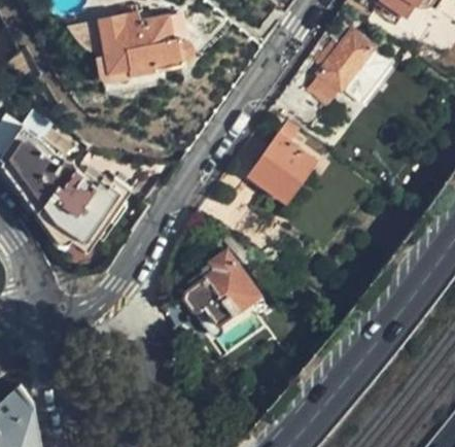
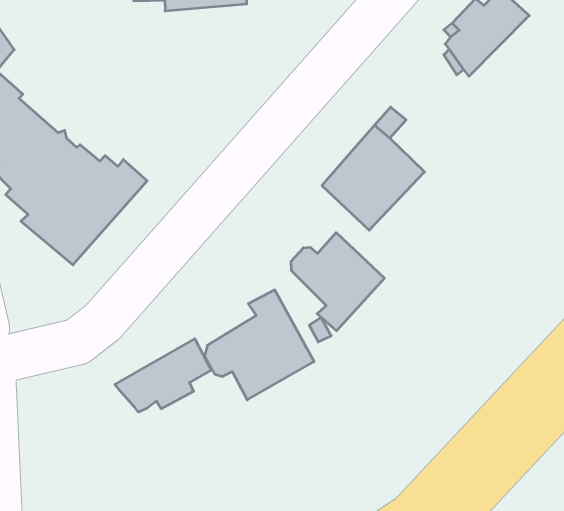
building: none -> [291,233,384,331]
building: none -> [115,339,211,412]

